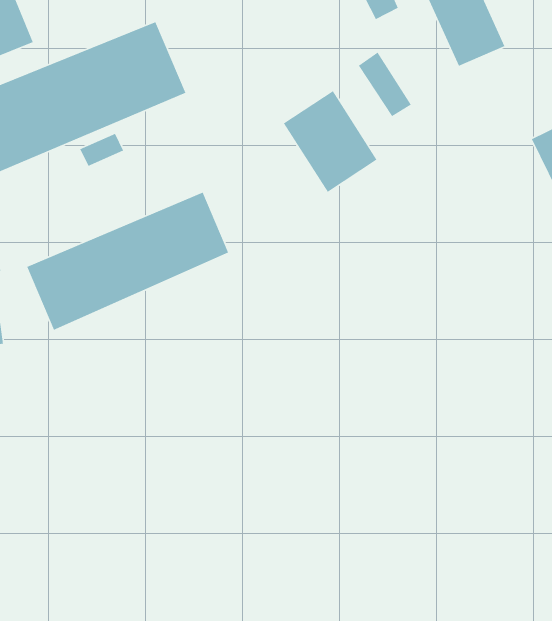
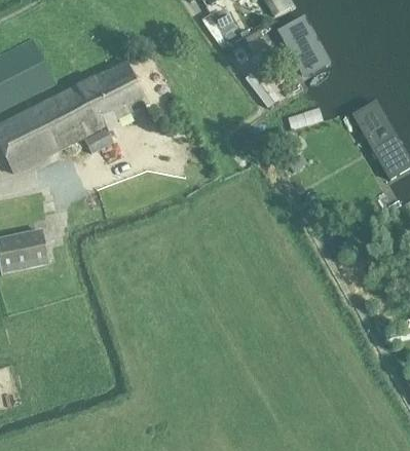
building: [283,90,378,193] -> none
building: [26,192,229,331] -> none

